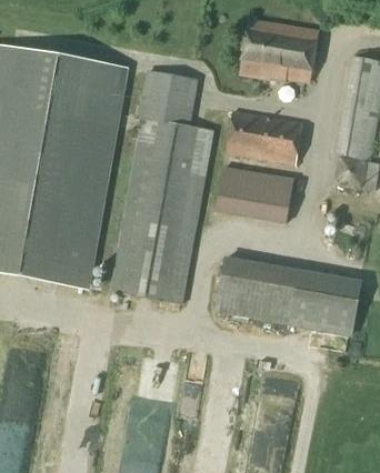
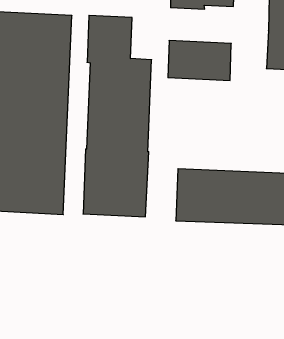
building: [213,165,293,224] -> none

